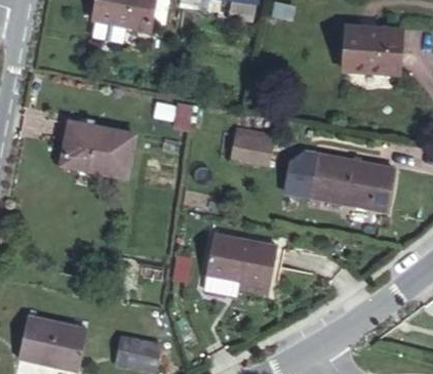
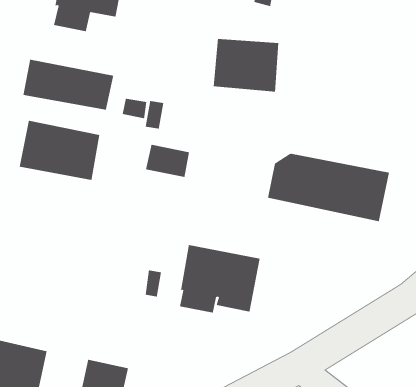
building: [342,25,401,73] -> [213,38,279,92]
building: none -> [23,59,114,111]
building: [231,133,271,163] -> [145,144,190,177]

